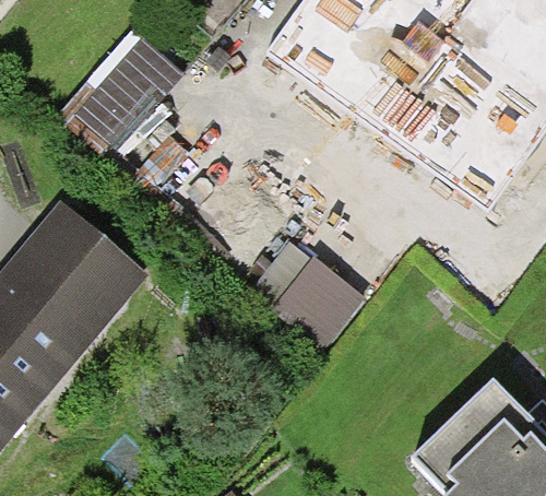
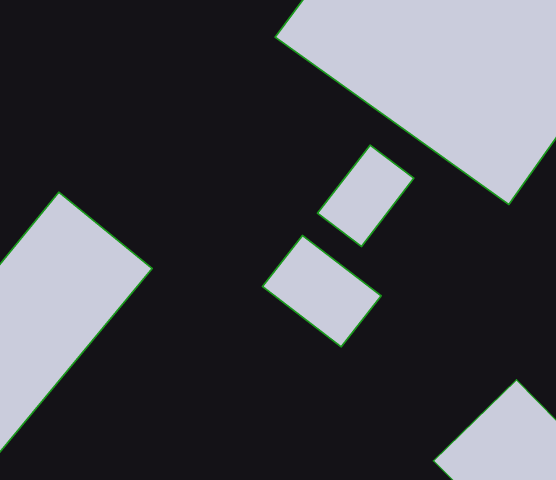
building: [76,36,185,150] -> none
building: none -> [318,145,414,246]

